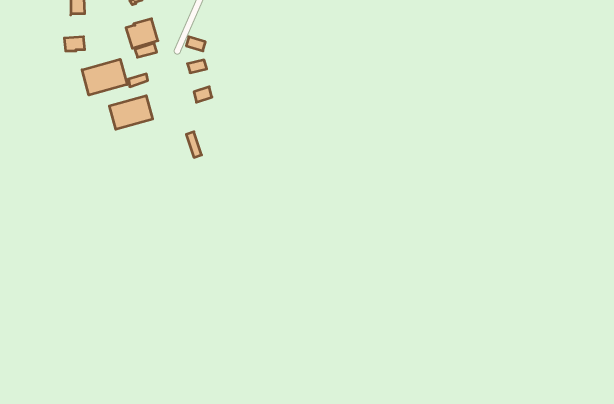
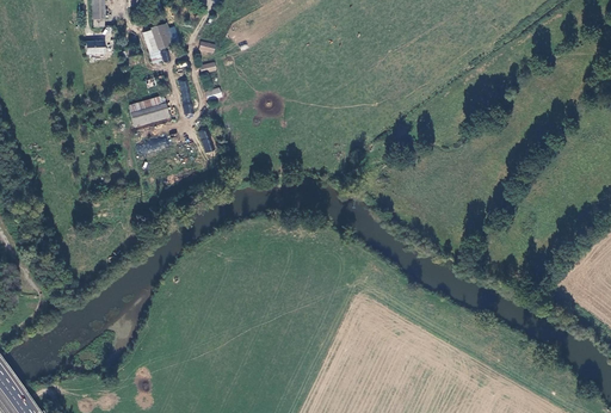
building: [82,59,127,95] -> none

